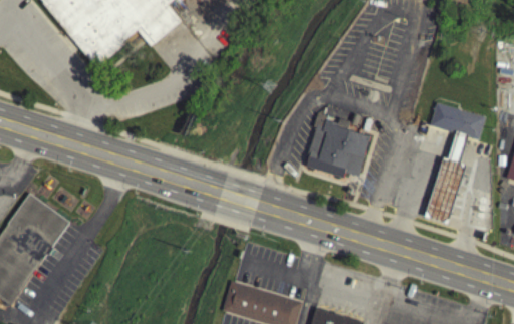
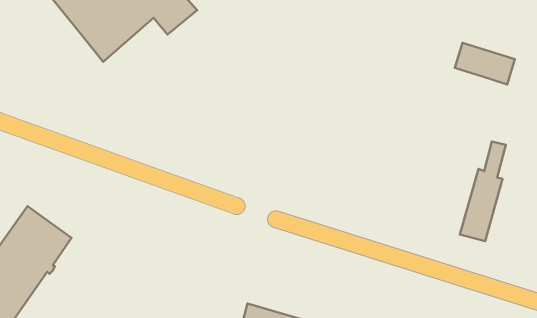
building: [430,102,485,140] -> [455,43,515,84]
building: [305,113,370,179] -> none

